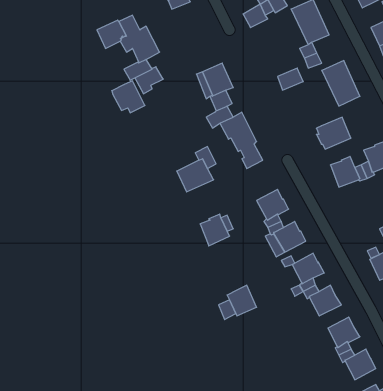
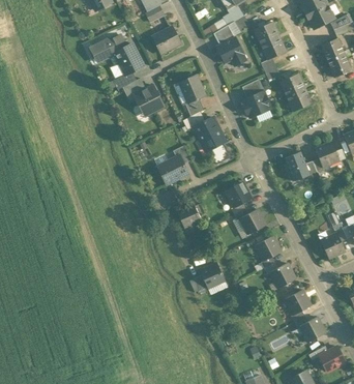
building: none -> [153,26,181,53]
building: none -> [217,37,246,65]
building: [112,81,145,113] -> [137,85,165,112]
building: [316,117,351,149] -> [243,90,272,117]

